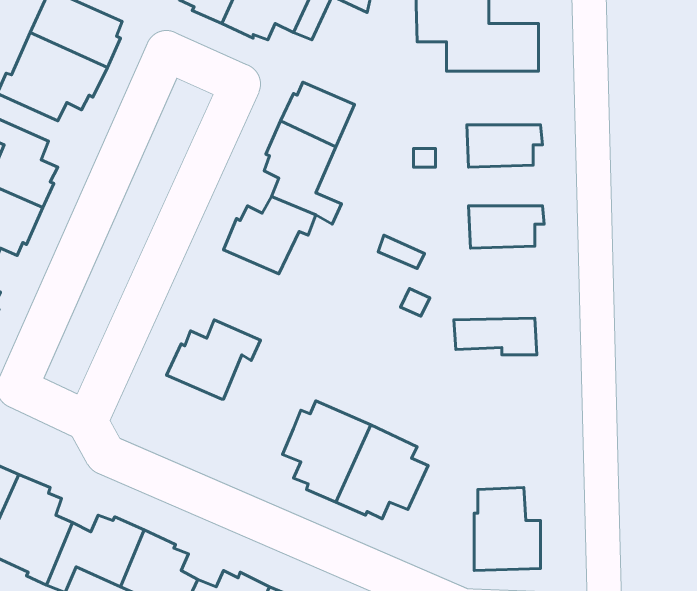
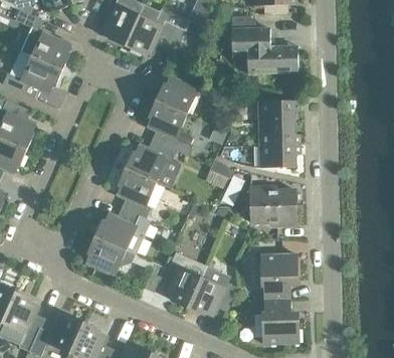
building: none -> [259,123,300,145]
building: none -> [117,169,156,218]
building: none -> [251,187,296,207]
building: none -> [86,237,164,292]
building: none -> [260,254,298,300]

